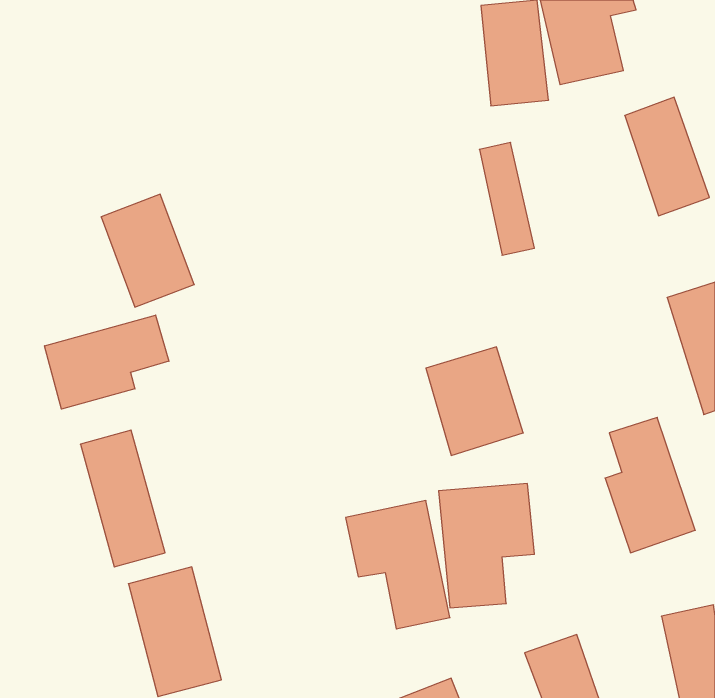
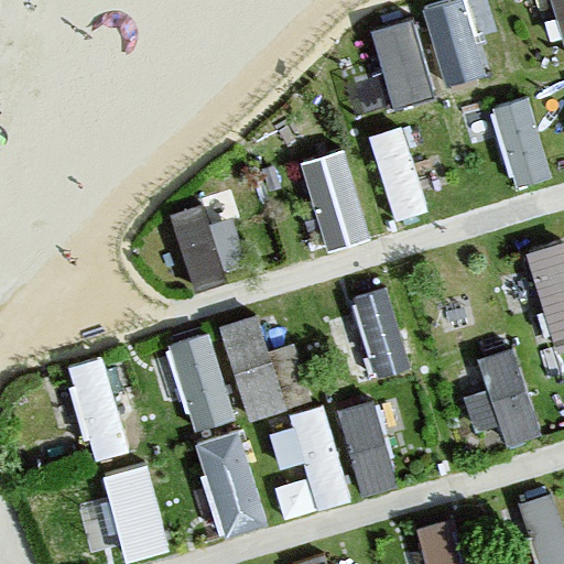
building: none -> [295,145,375,250]
building: [101,194,194,307] -> [166,197,239,285]
building: [45,315,169,409] -> none
building: none -> [167,315,282,426]
building: none -> [191,426,270,538]

